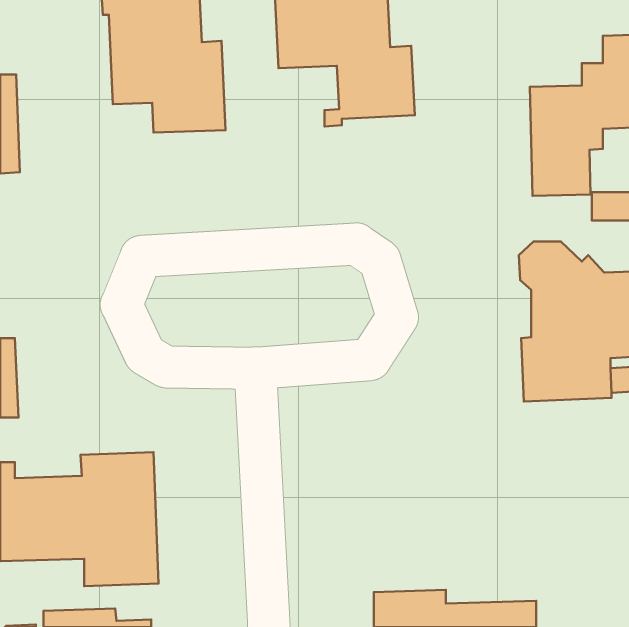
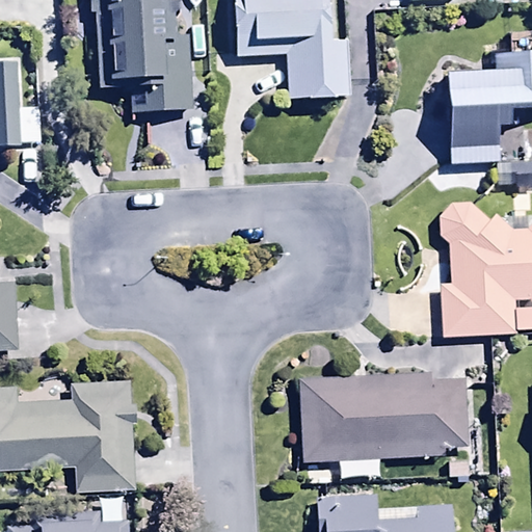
building: none -> [299,372,468,464]

